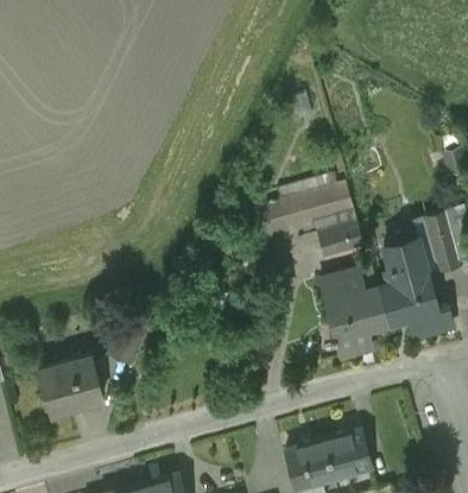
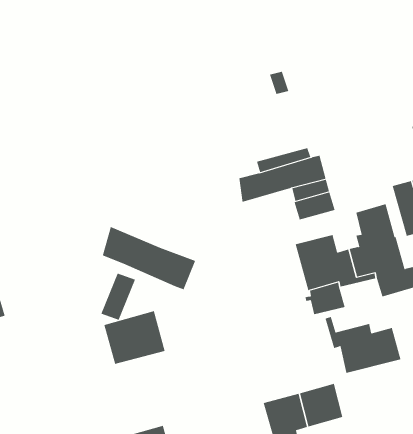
building: none -> [102,226,196,290]
building: [37,358,103,416] -> [104,310,165,364]
building: none -> [325,316,401,375]

